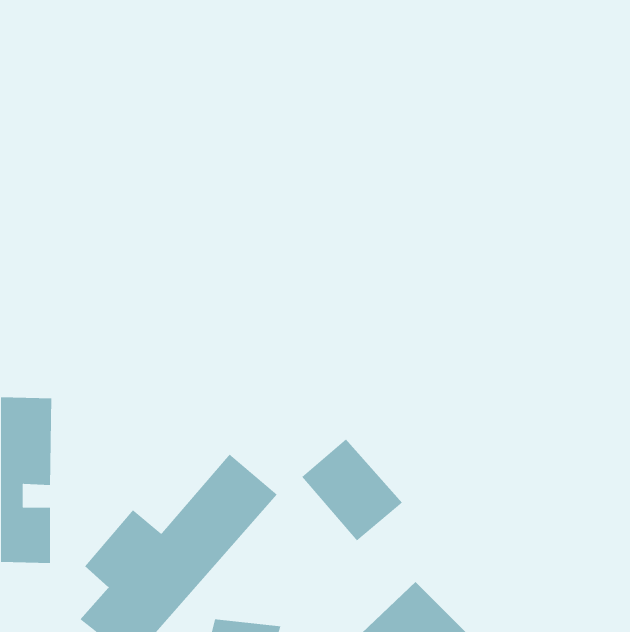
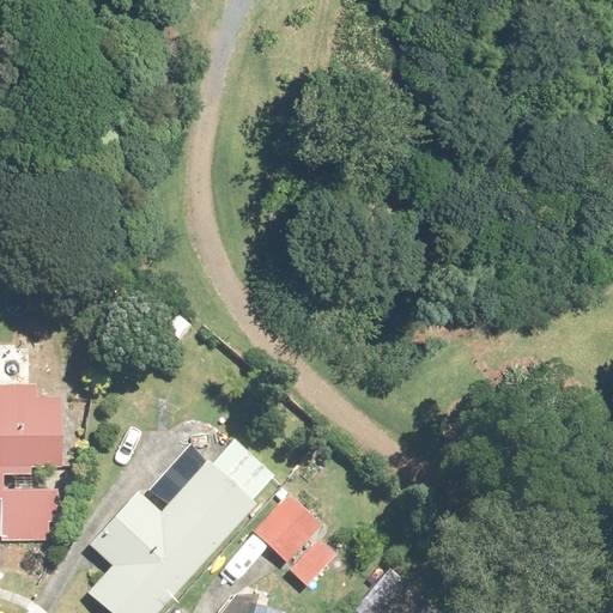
building: [301,439,403,541] -> [251,494,350,594]

